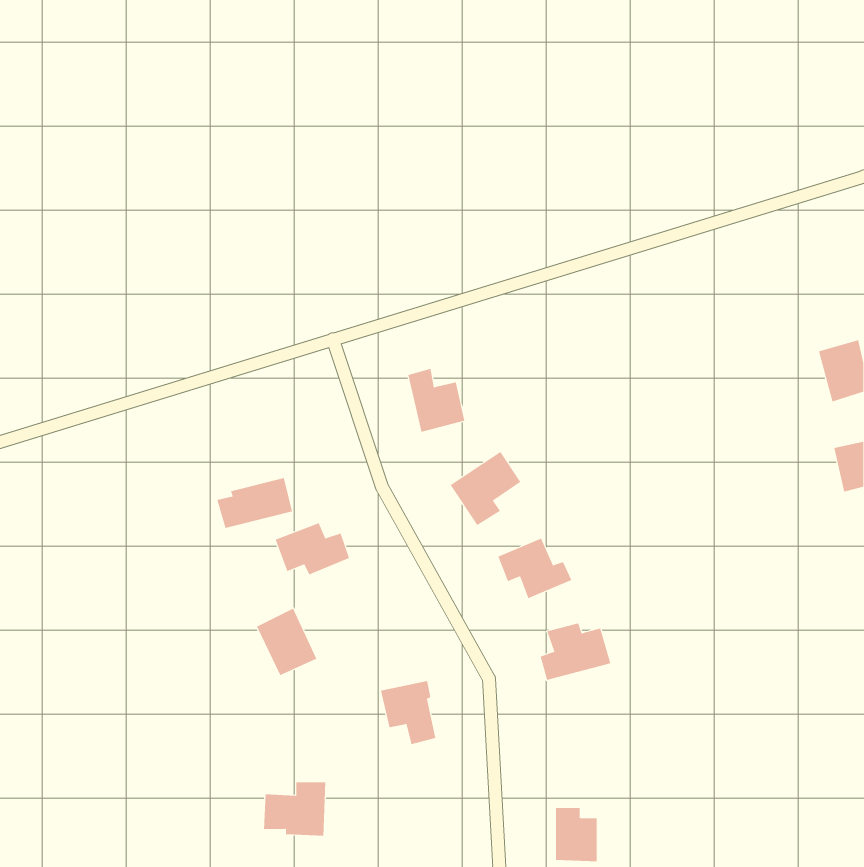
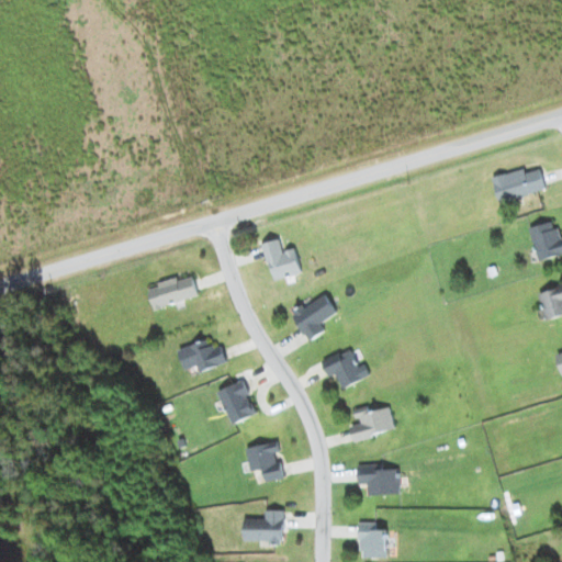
building: none -> [492,168,546,202]
building: [216,478,293,529] -> [148,274,198,307]
building: [256,608,317,676] -> [217,380,257,424]
building: none -> [358,464,400,495]
building: [263,782,326,836] -> [244,509,284,544]

